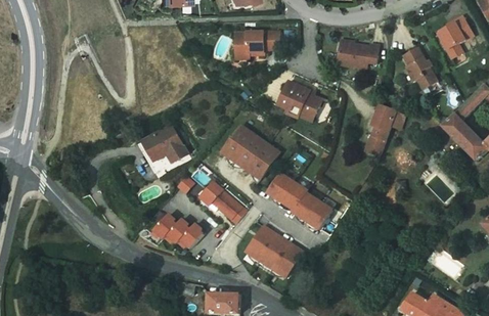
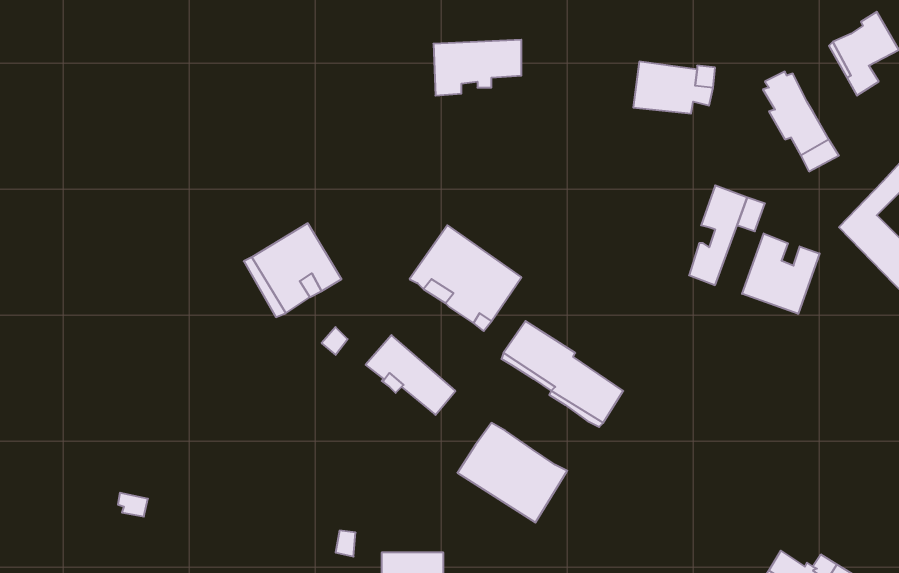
building: [279,81,322,122] -> none
building: none -> [742,233,820,314]
building: [154,214,204,247] -> none

